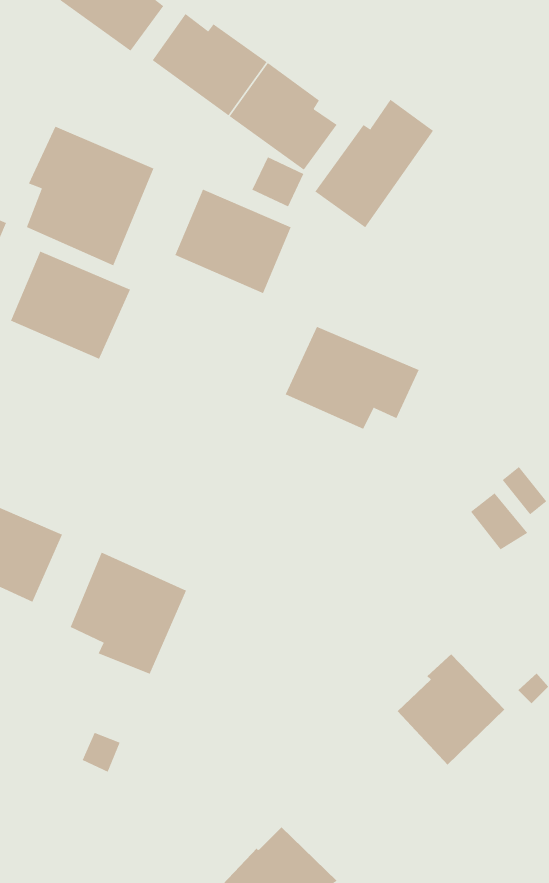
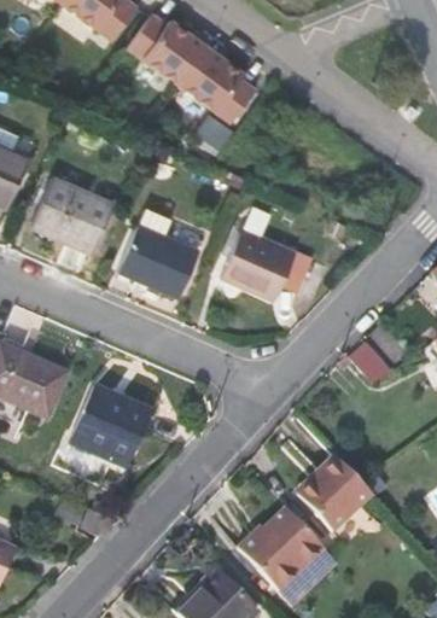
building: [315,99,434,228] -> none
building: [26,126,154,266] -> none
building: [174,189,292,294] -> [118,223,199,296]
building: none -> [238,507,325,590]

